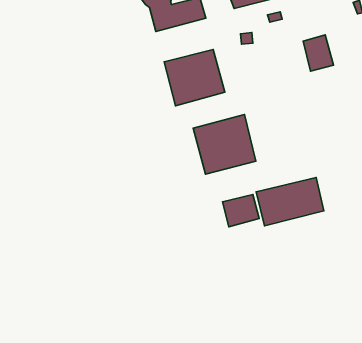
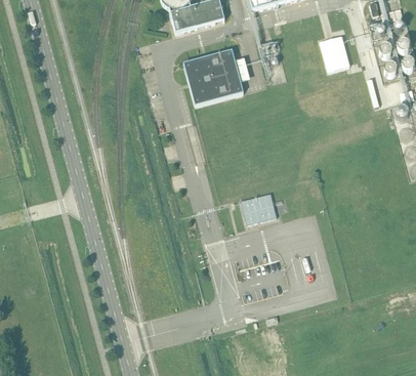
building: [193,115,256,174] -> none
building: [256,178,324,226] -> none

